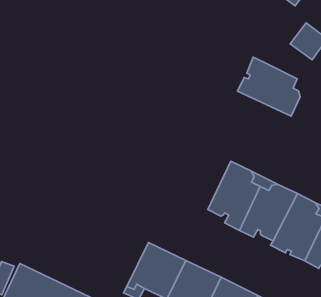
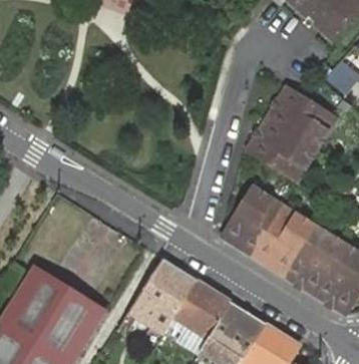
building: none -> [248,119,317,175]

